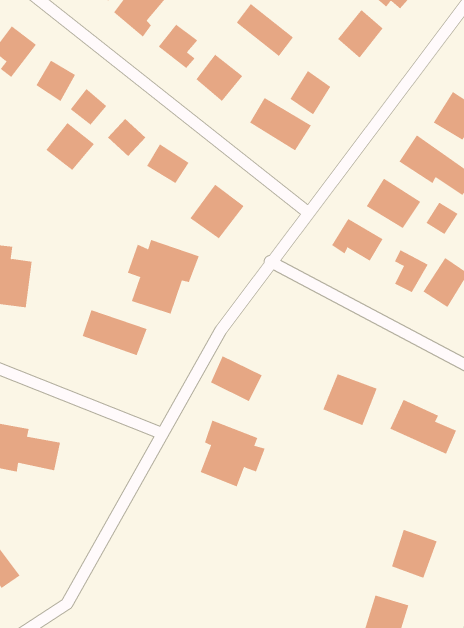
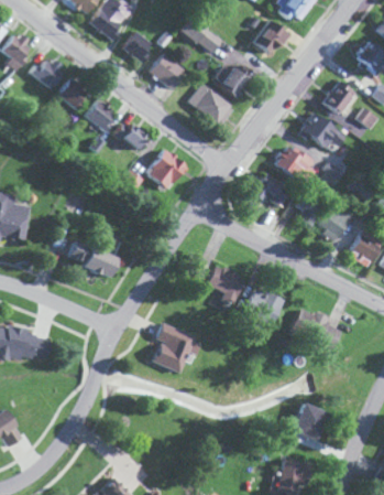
building: [46,122,95,171] -> none
building: [127,239,199,315] -> none
building: [210,356,263,402] -> [206,265,244,299]

